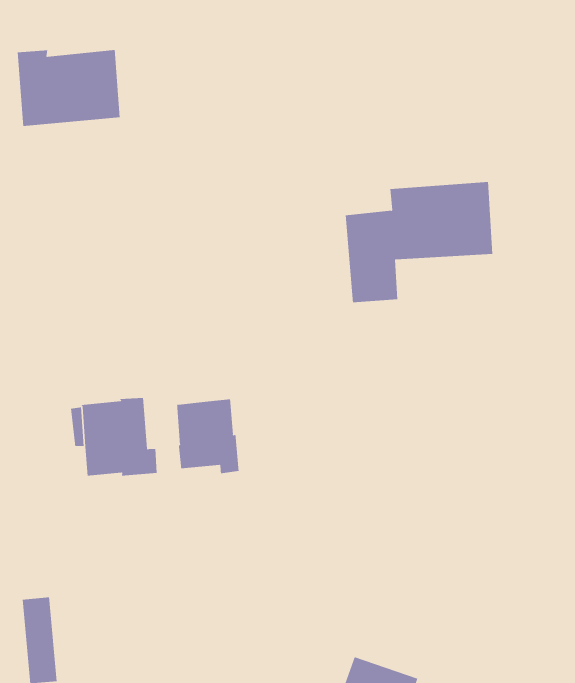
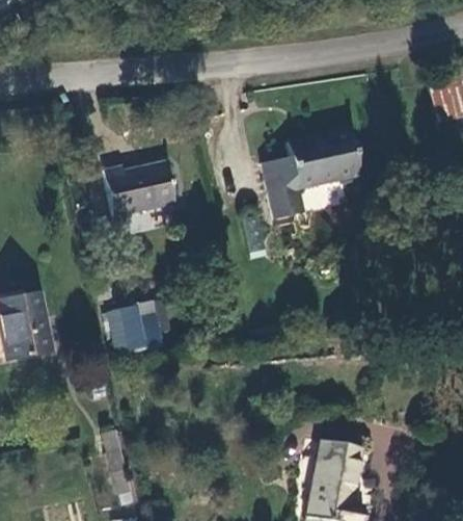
building: [17,50,120,126] -> [105,158,176,215]
building: [176,398,239,474] -> none

